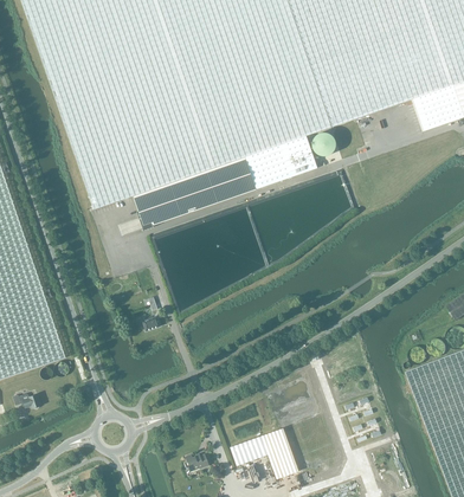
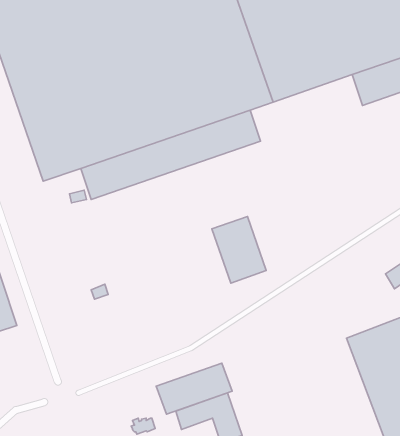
building: none -> [212,216,266,283]
building: none -> [156,363,232,414]

